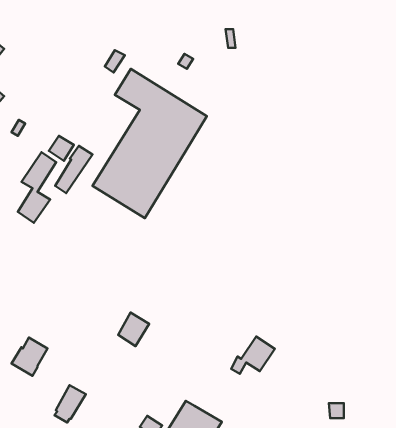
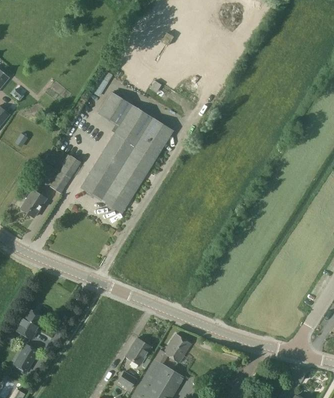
building: [118,313,149,346] -> [125,338,150,365]
building: [231,336,275,374] -> [155,334,190,364]
building: [55,385,86,423] -> [14,343,39,373]

